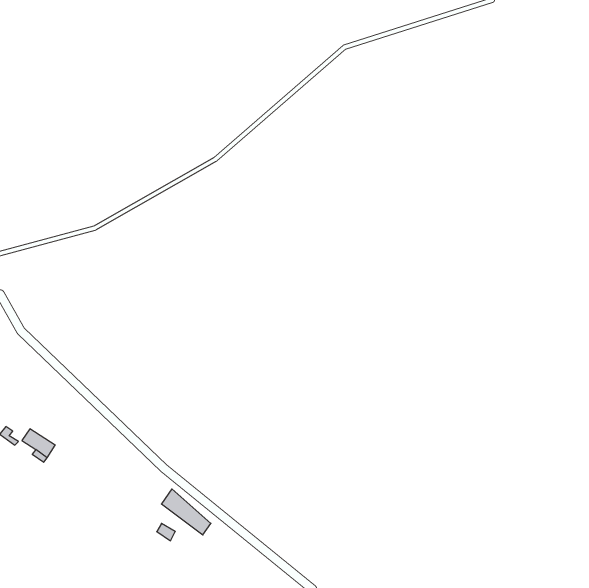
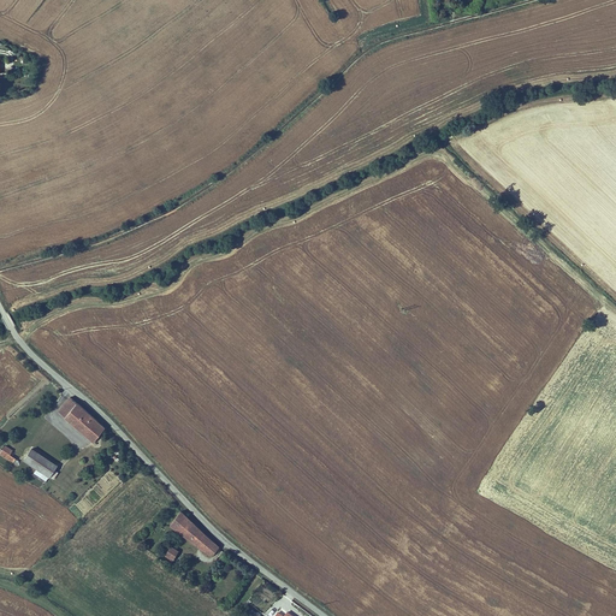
building: none -> [58,398,105,442]

